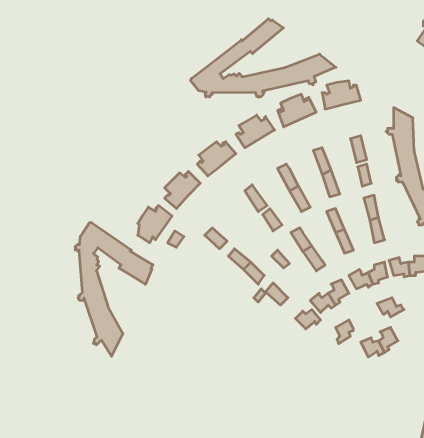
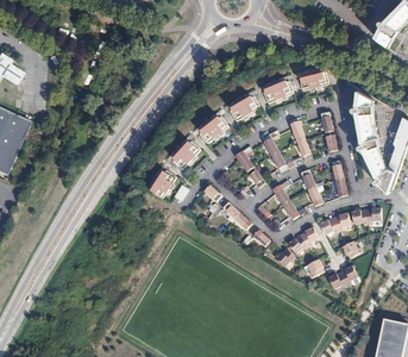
building: [190,19,336,97] -> none
building: [75,223,153,356] -> none

